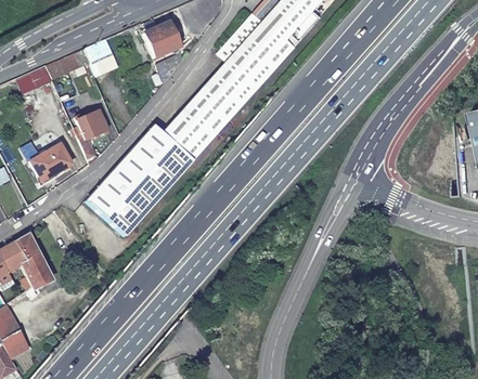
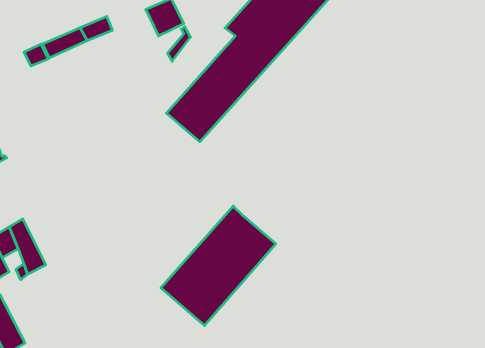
building: [76,109,107,159] -> none
building: [86,123,194,236] -> [161,206,276,326]
building: [29,143,69,180] -> none

